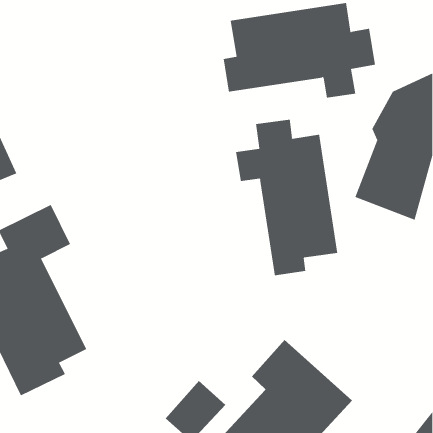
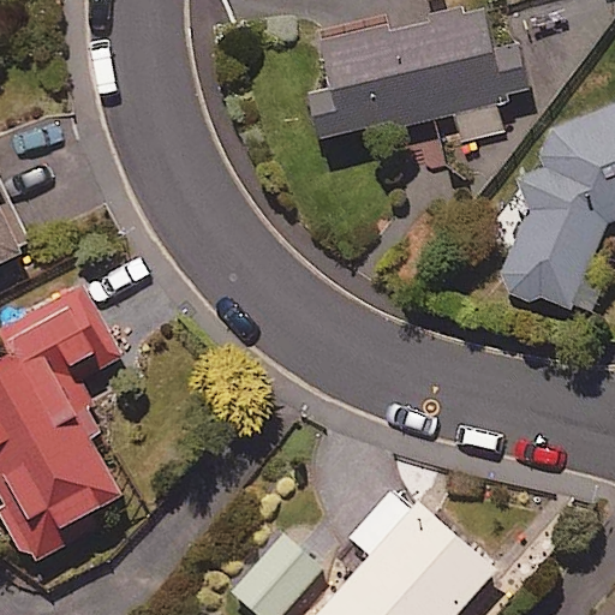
building: [235,119,338,276] -> none

